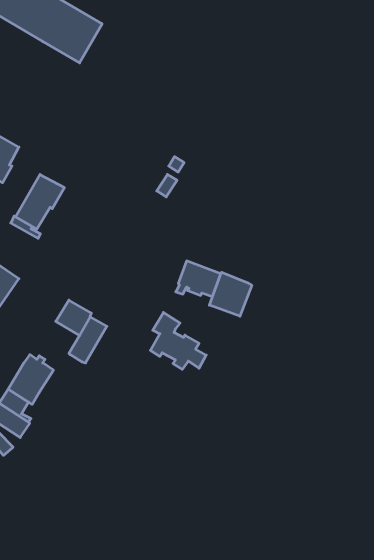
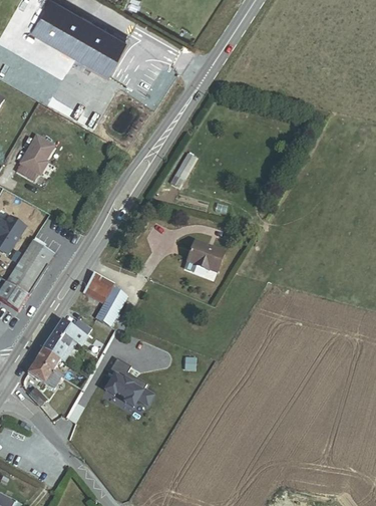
building: [16,174,64,229] -> none
building: [209,272,252,316] -> none
building: [150,312,206,369] -> [106,357,153,406]

